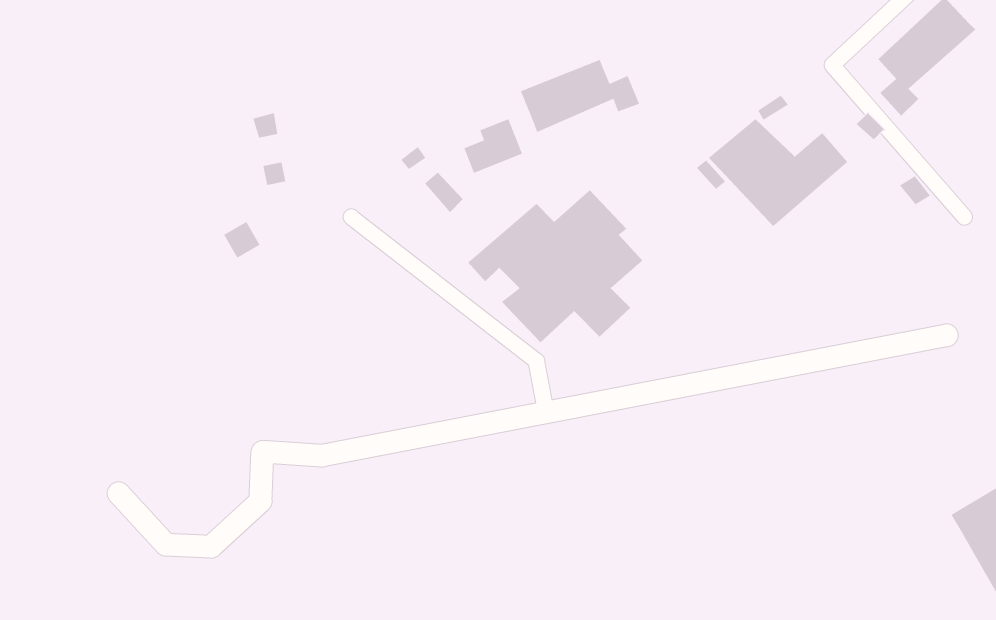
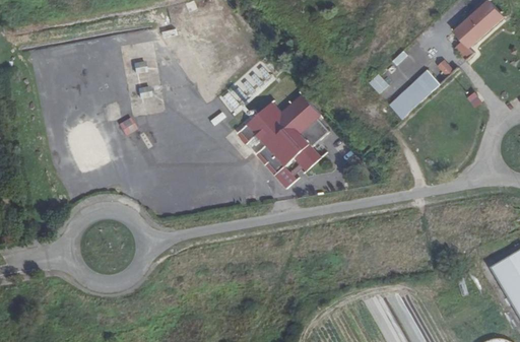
building: [520,59,640,133] -> none

